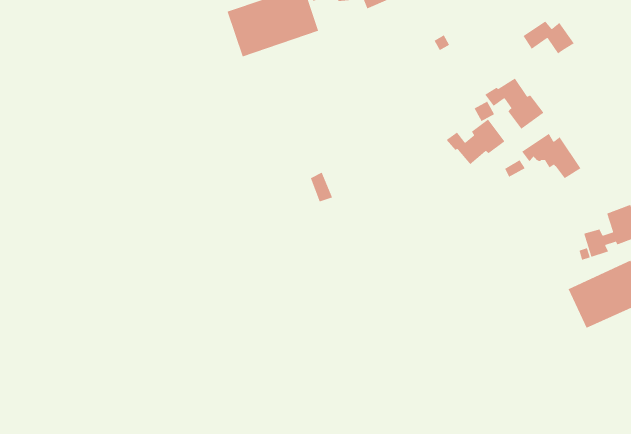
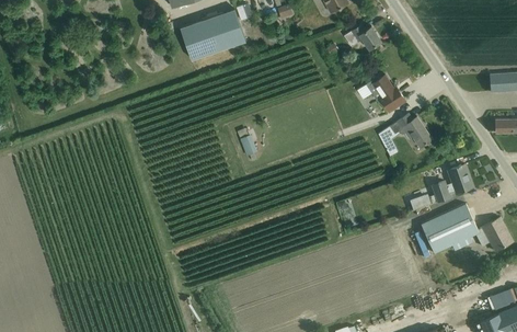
building: [522,20,575,54] -> [344,24,381,48]
building: [446,119,506,165] -> none

